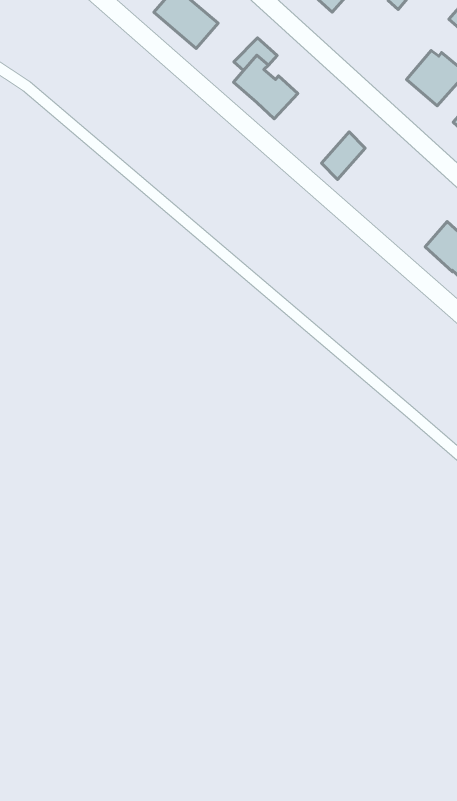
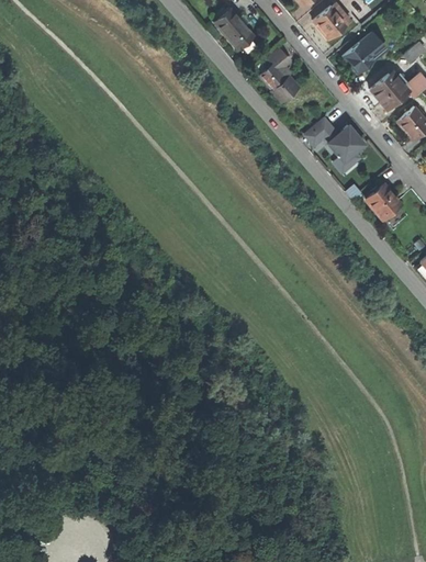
building: none -> [343,43,374,74]
building: none -> [328,125,369,165]

